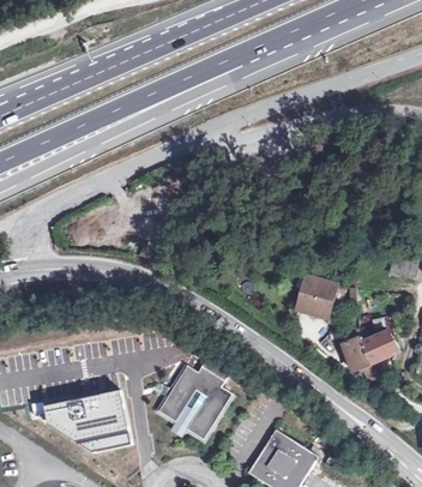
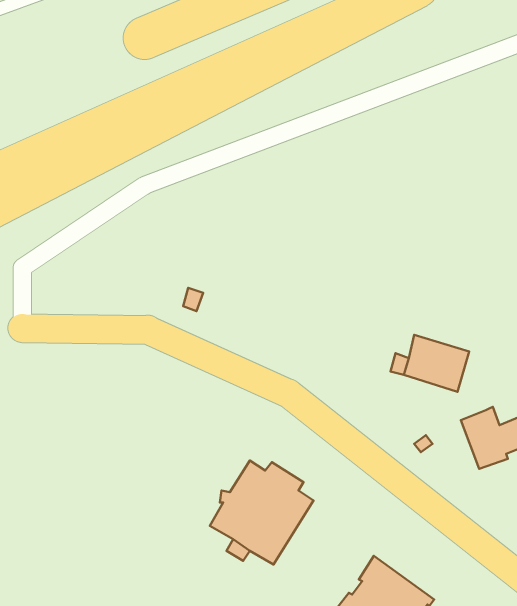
building: [41,389,132,452] -> none

